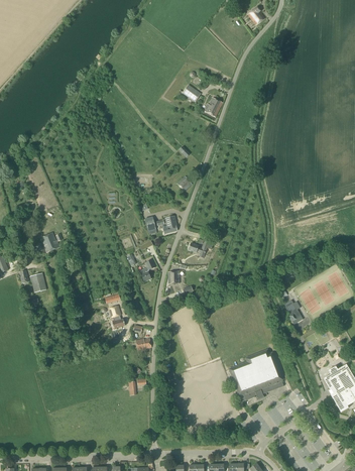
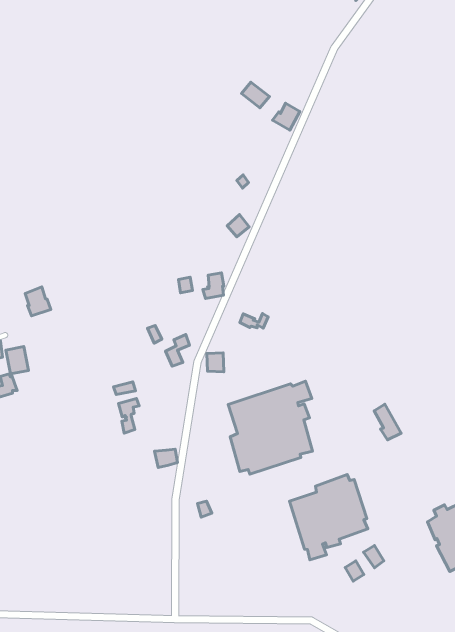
building: none -> [228,381,313,474]

